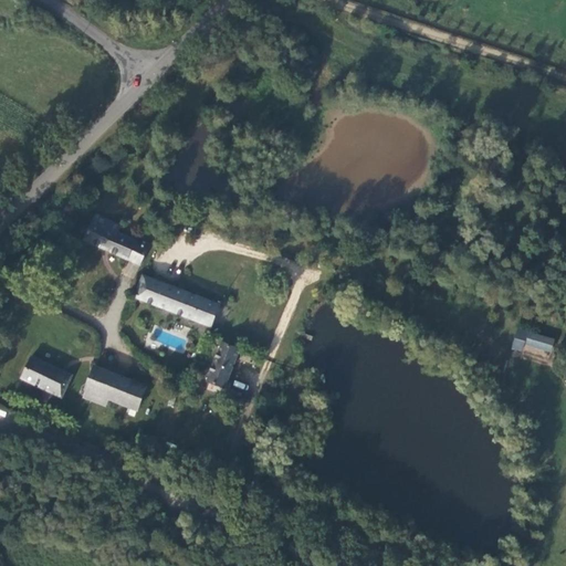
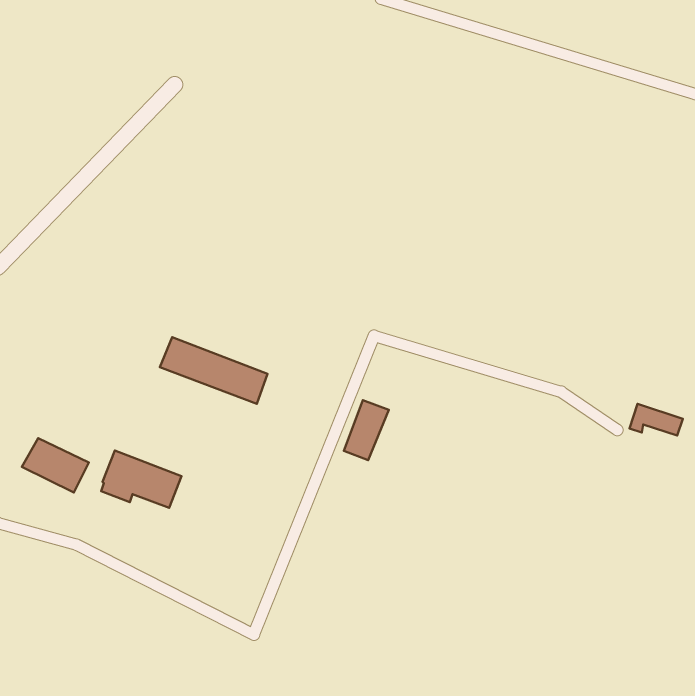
building: [82,212,148,266] -> none
building: [205,340,241,389] -> [344,400,389,460]

